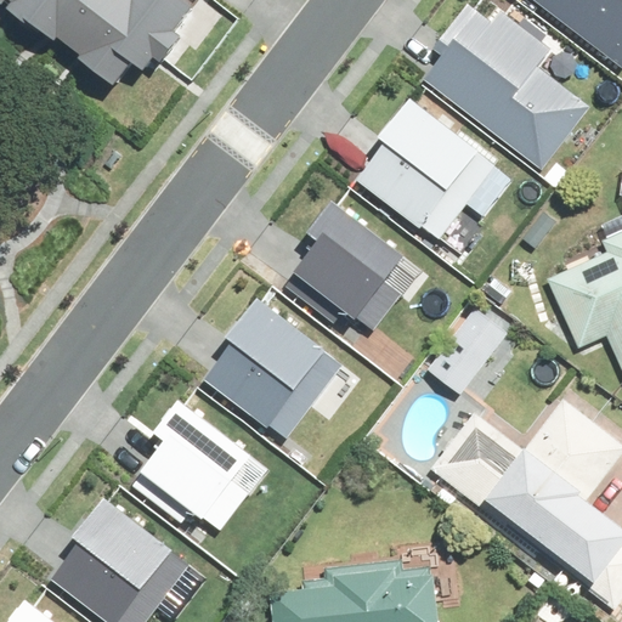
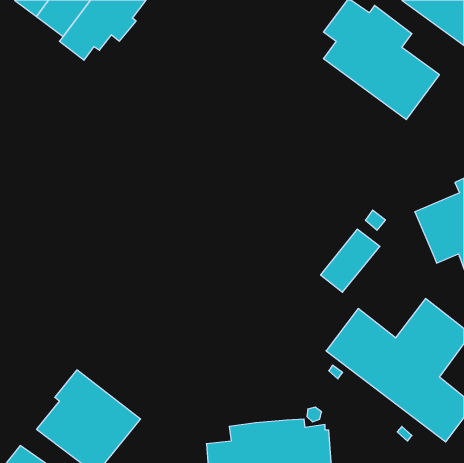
building: [355,101,493,241] -> none
building: [298,199,408,332] -> none
building: [203,299,341,440] -> none
building: [135,396,275,528] -> none

